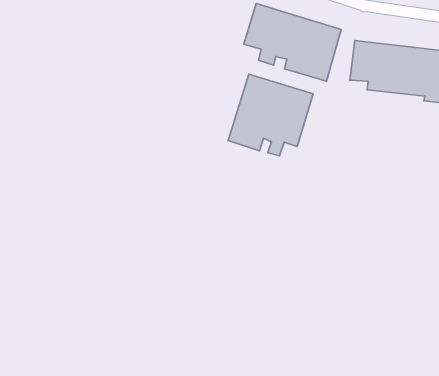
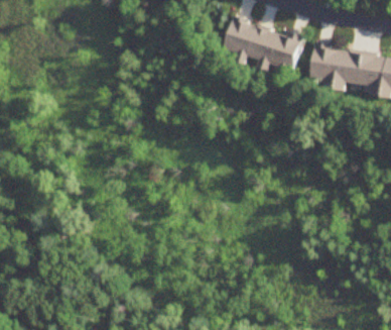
building: [228,74,313,156] -> none

